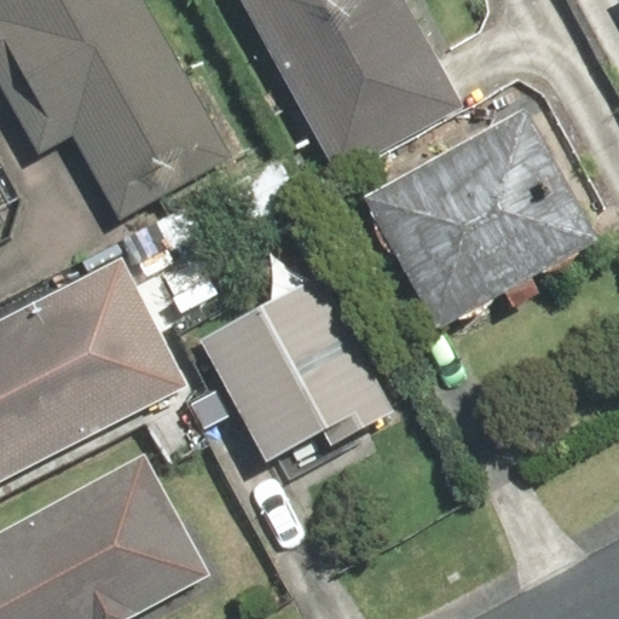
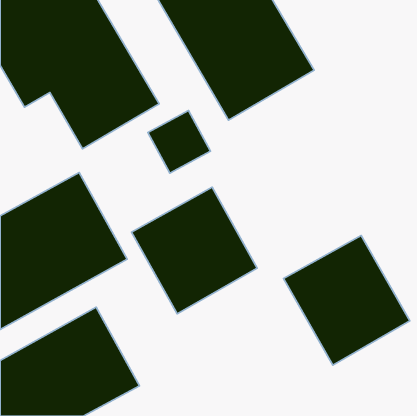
building: [359,112,595,332] -> none
building: none -> [284,236,410,365]

